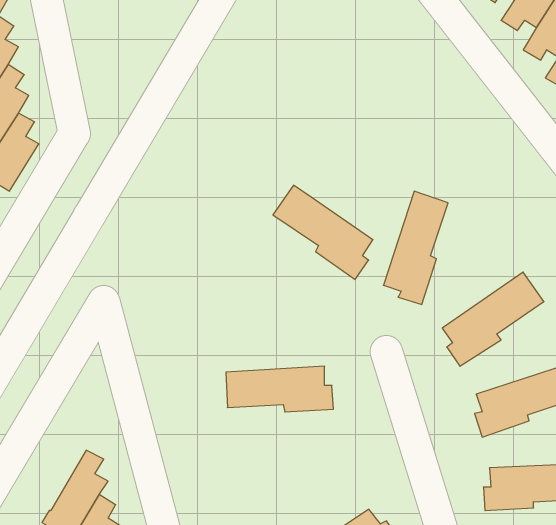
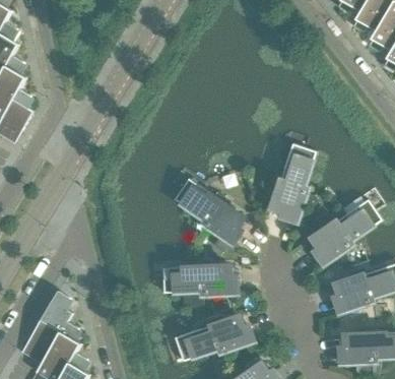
building: [273,185,373,279] -> [175,179,244,244]
building: none -> [20,291,72,364]
building: none -> [175,315,253,361]

